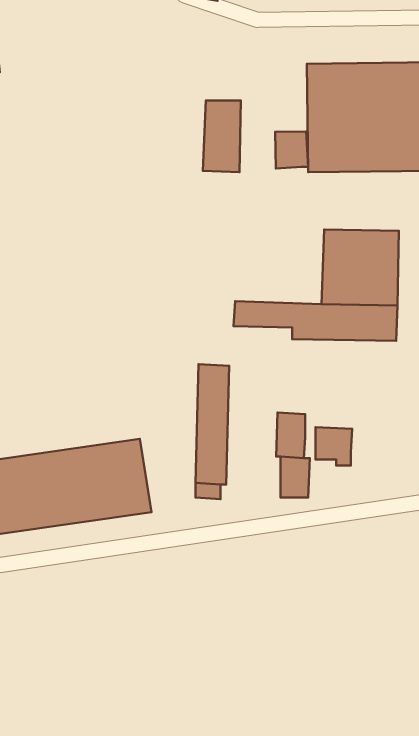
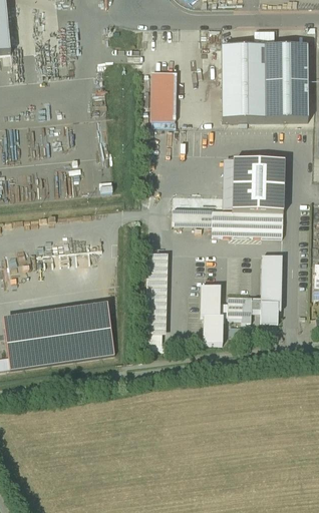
building: [275,131,308,169] -> none
building: none -> [251,254,281,321]

